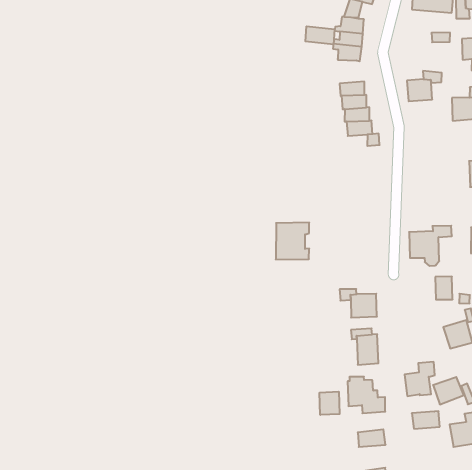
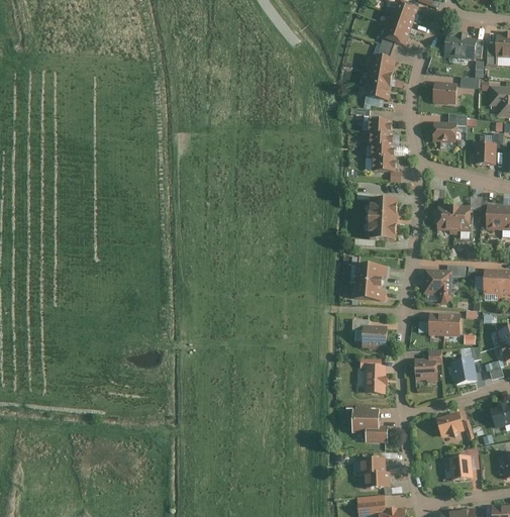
building: [305,26,335,44] -> none
building: none -> [433,83,457,104]
building: none -> [368,197,398,239]
building: none -> [435,203,470,231]
building: [276,223,309,259] -> [351,264,387,301]
building: none -> [427,313,445,336]
building: [405,362,435,396] -> [413,349,442,381]
building: [320,392,340,415] -> none
building: [412,411,440,429] -> [363,474,389,489]

